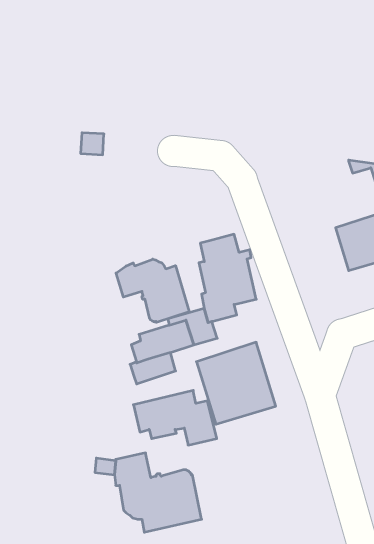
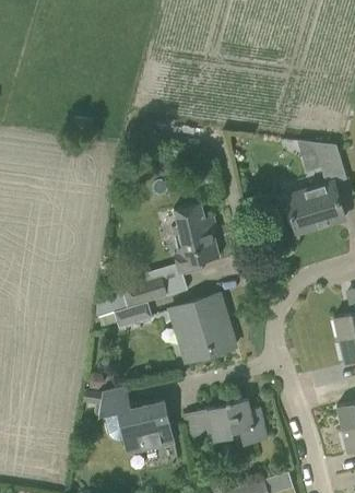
building: [116,259,189,322] -> none
building: [133,390,217,445] -> [197,400,267,446]

